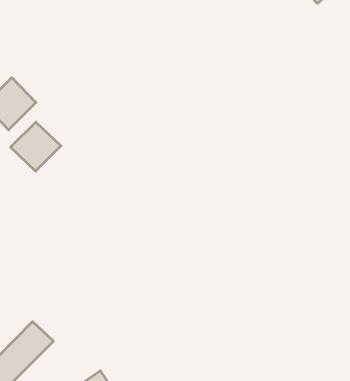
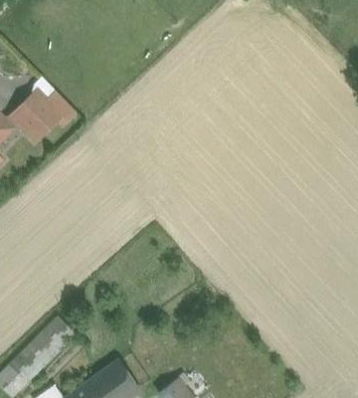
building: [11,122,61,171] -> none

